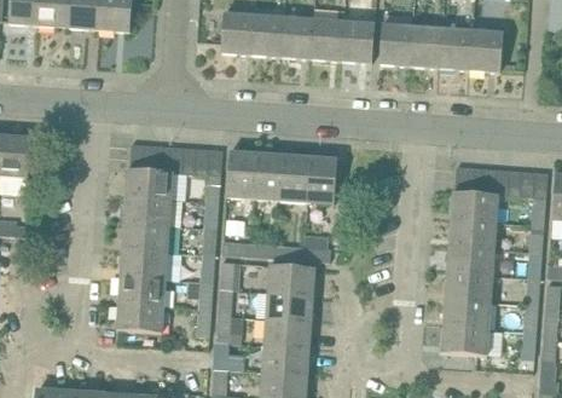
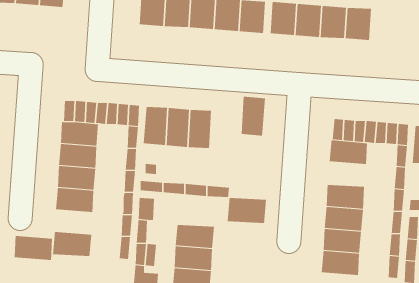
building: [307,156,337,204] -> [241,96,266,136]
building: [448,218,497,248] -> none
building: [267,265,315,296] -> [227,198,267,223]
building: [118,276,166,306] -> [14,236,53,261]

